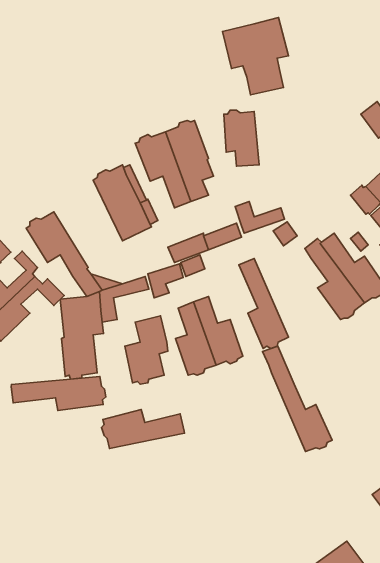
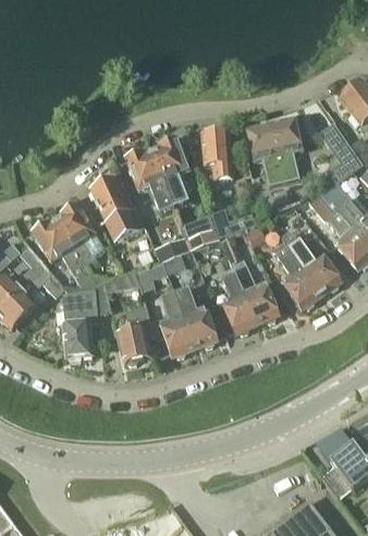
building: [223,18,289,95] -> [245,115,302,182]
building: none -> [56,203,96,264]
building: [263,346,332,451] -> [220,233,280,324]
building: [11,376,106,411] -> none
building: [102,410,184,449] -> none

